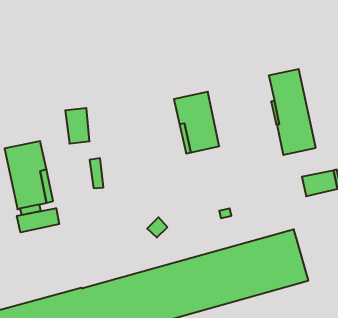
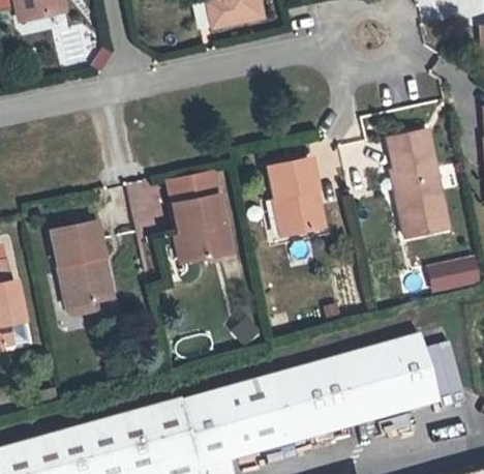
building: none -> [168,173,231,263]
building: [17,208,59,232] -> none
building: none -> [424,340,466,405]

